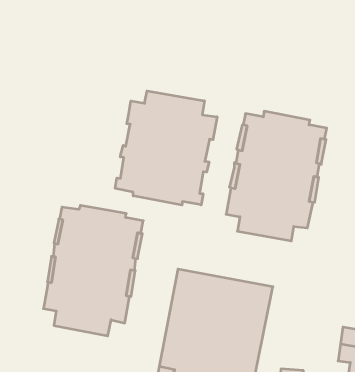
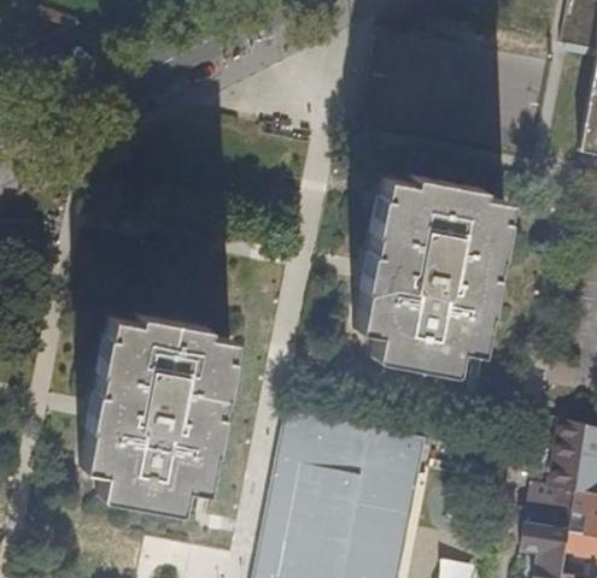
building: [115,91,217,205] -> none

